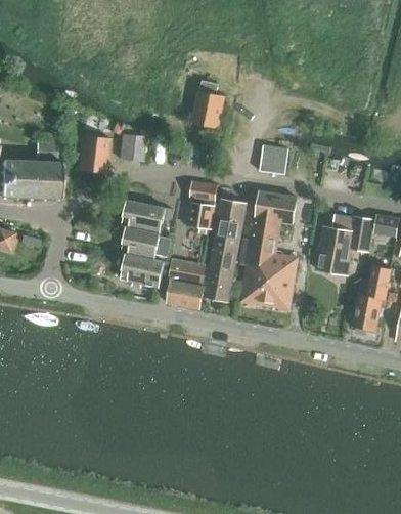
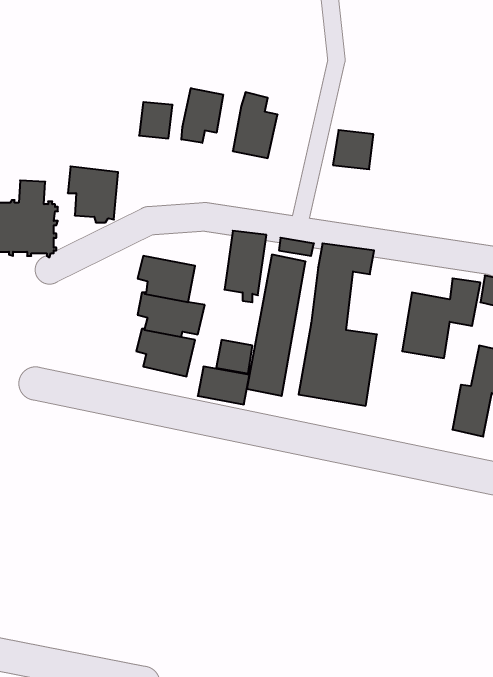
building: none -> [181,88,223,143]
building: [120,134,144,161] -> [139,102,173,138]
building: [259,145,288,174] -> [333,130,373,169]

